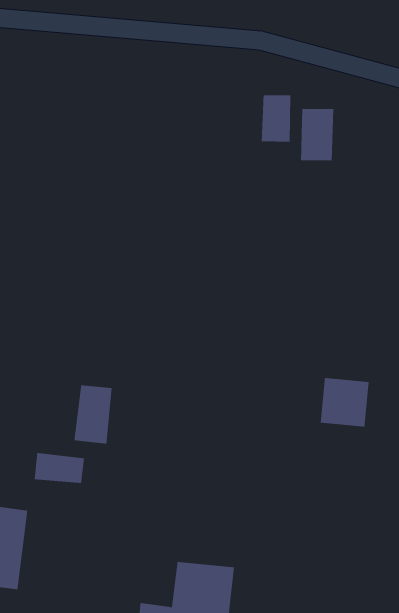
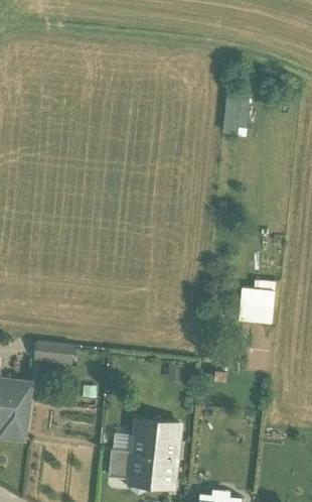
building: [261,94,291,143] -> none
building: [74,384,112,444] -> none

